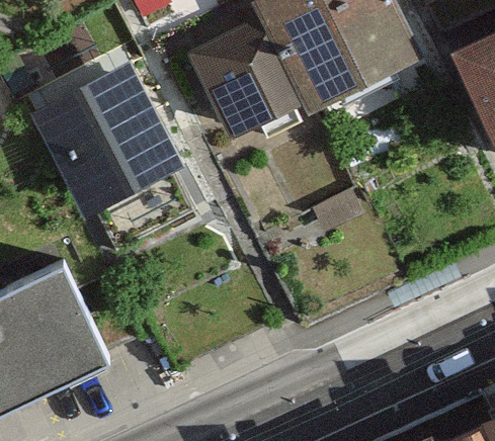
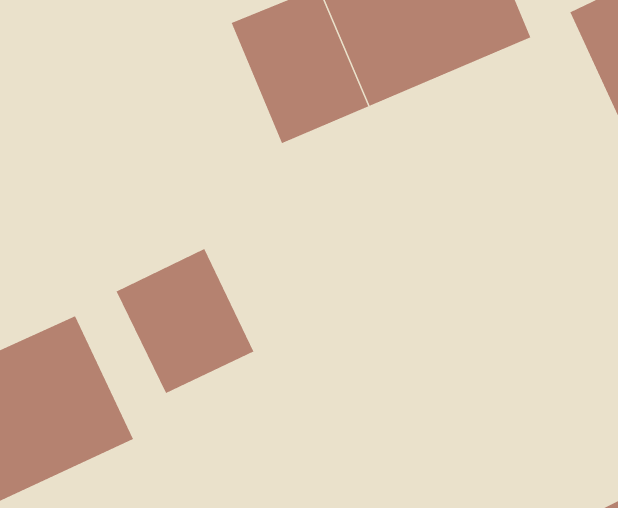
building: [34,65,182,218] -> none
building: none -> [116,248,254,394]

